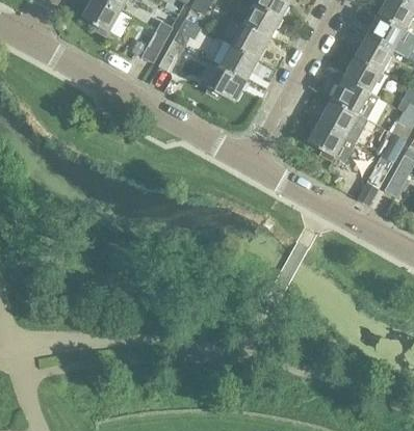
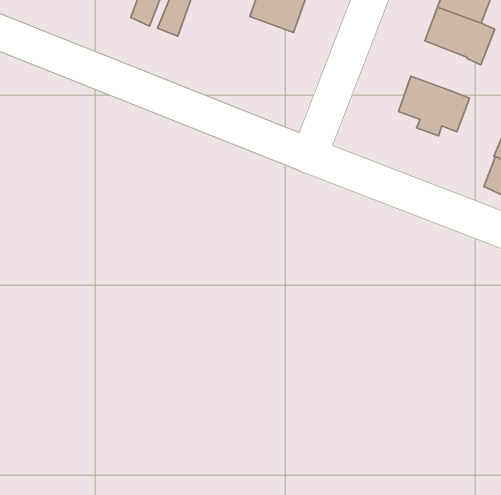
building: [205,65,247,101] -> none
building: [319,98,358,134] -> none

